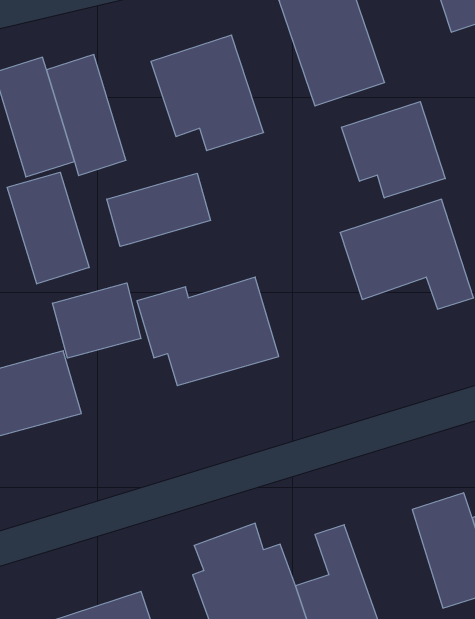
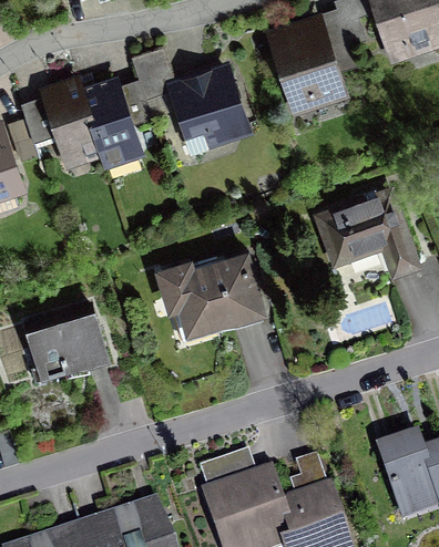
building: [342,102,445,198] -> none
building: [7,172,89,284] -> none
building: [107,173,210,246] -> none
building: [52,283,141,358] -> none

